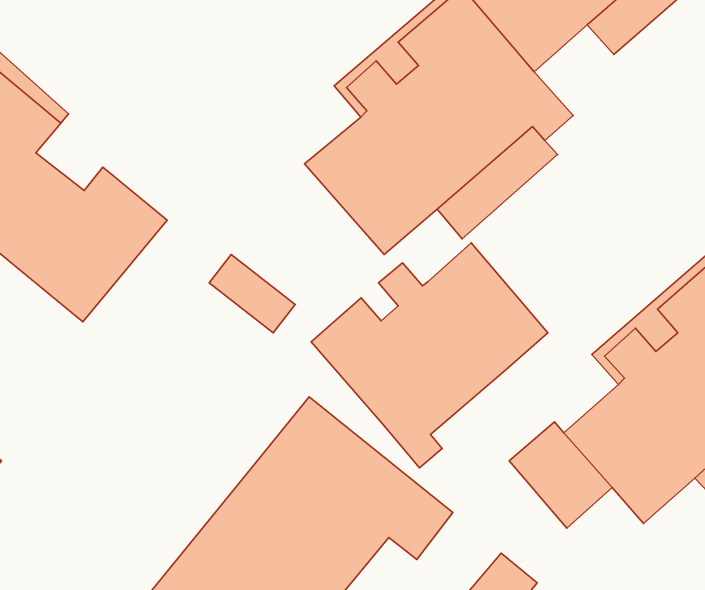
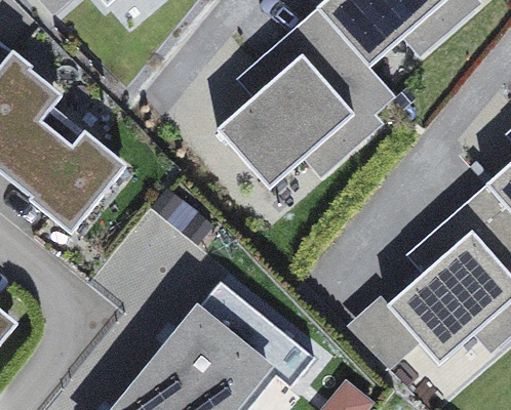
building: [311,243,548,468] -> none

